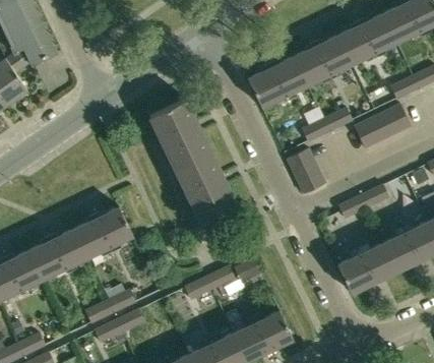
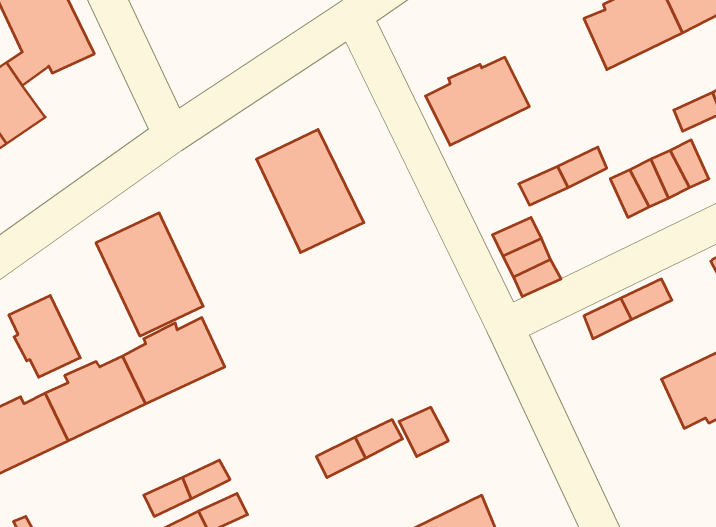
building: [293,34,352,84] -> none
building: [175,152,237,223] -> [96,213,203,336]
building: none -> [9,295,80,377]
building: [337,242,396,292] -> none

